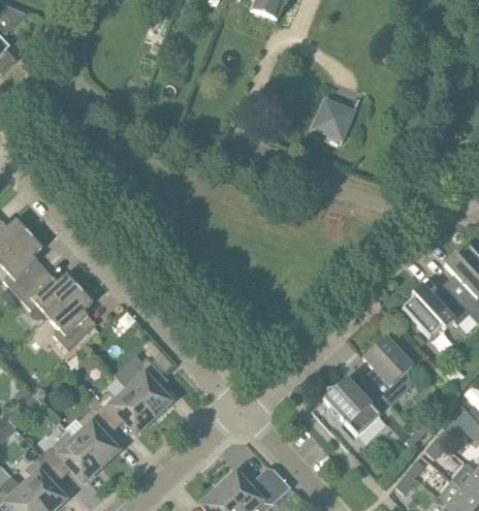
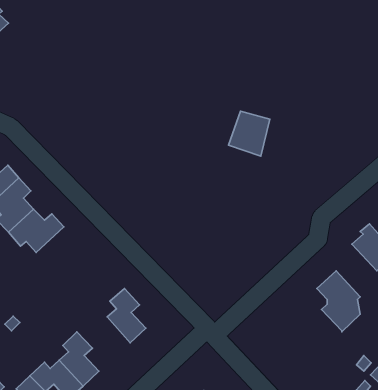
building: [308,97,354,148] -> [228,111,270,156]
building: [49,287,97,349] -> none
building: [324,378,391,435] -> none
building: [94,388,154,433] -> none

